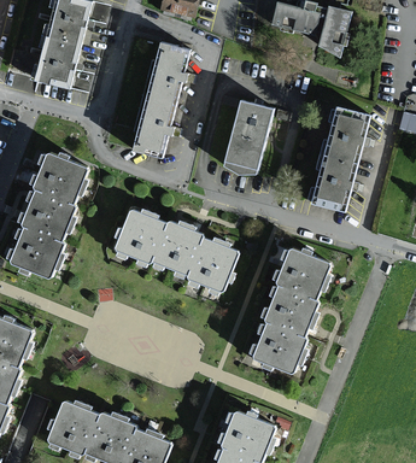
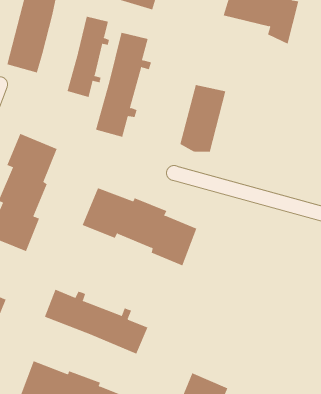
building: none -> [67,16,109,98]
building: [310,107,367,211] -> none
building: [251,247,324,373] -> none
building: none -> [44,289,148,355]

